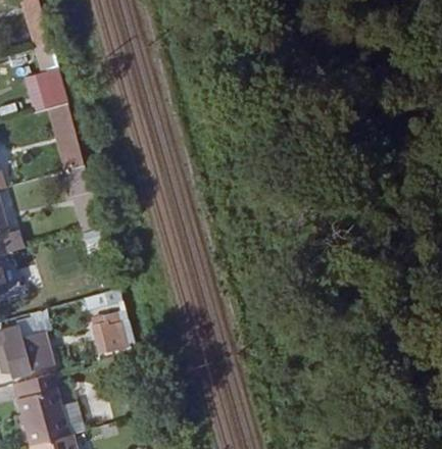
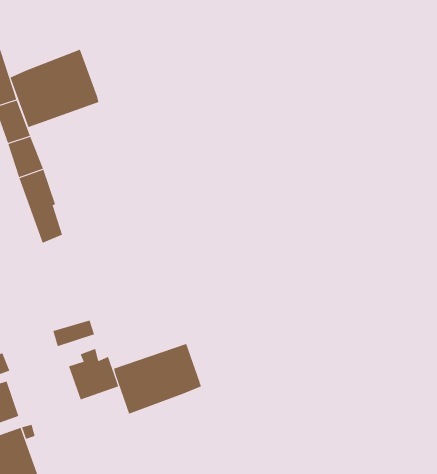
building: none -> [10,49,99,128]
building: none -> [114,343,201,414]

